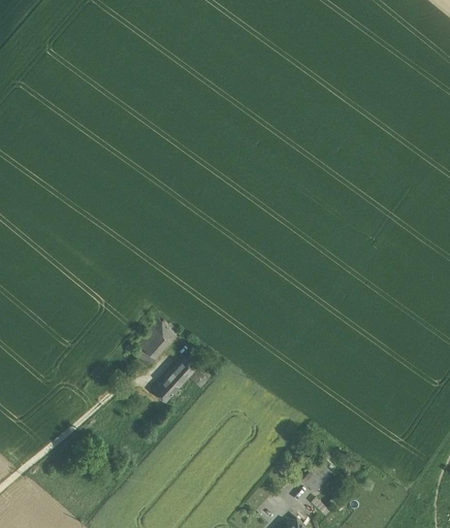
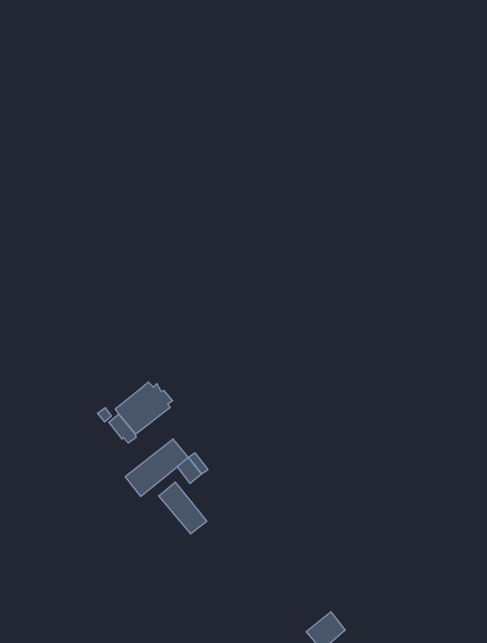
building: none -> [159,482,207,534]

